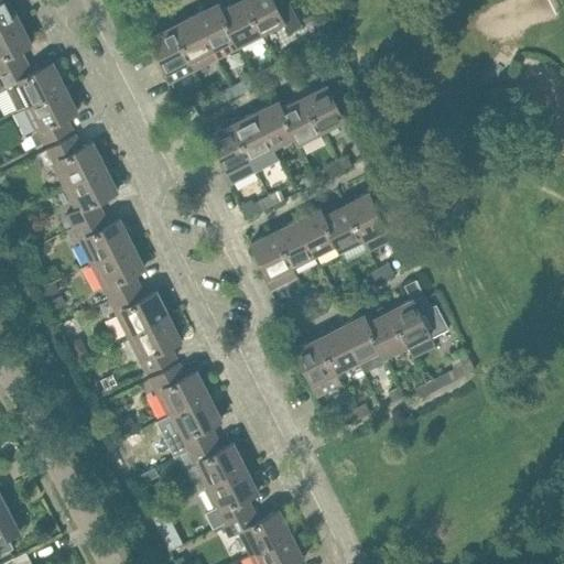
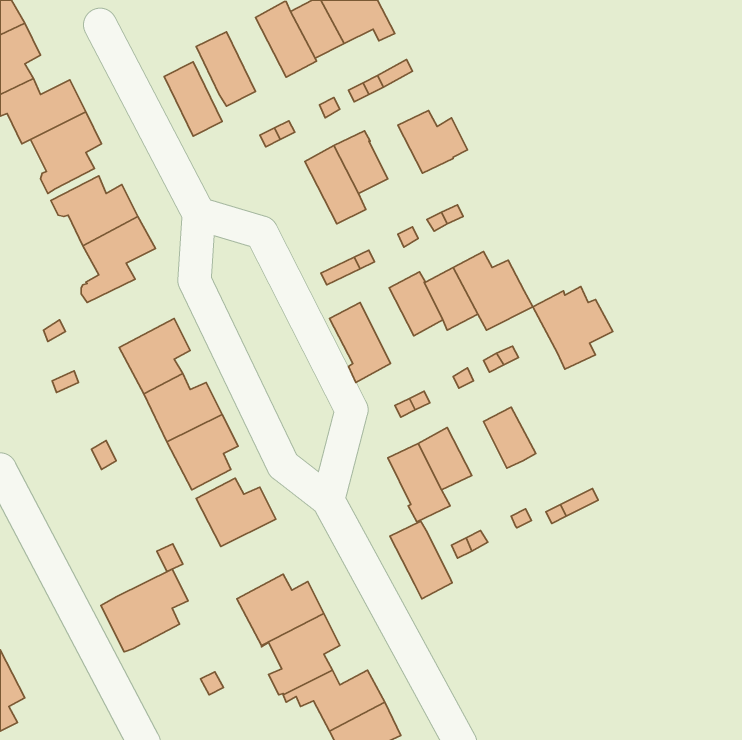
building: [172,15,216,72] -> [164,62,222,136]
building: [276,97,321,145] -> none
building: [208,124,256,186] -> none
building: [66,214,132,265] -> none
building: [273,220,314,278] -> none
building: [388,295,448,358] -> [533,286,613,369]
building: [339,314,387,373] -> [390,520,452,599]
building: [155,395,221,458] -> [101,569,188,652]

